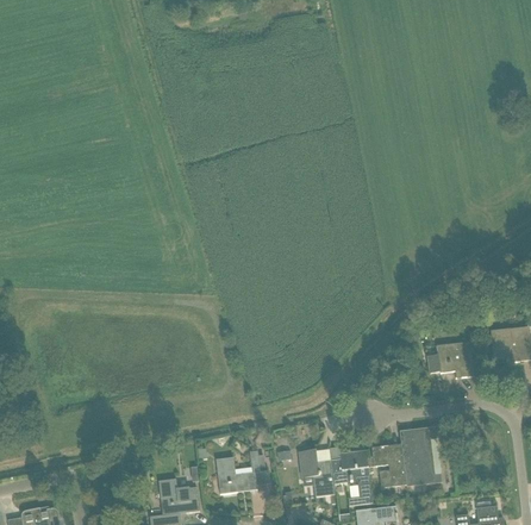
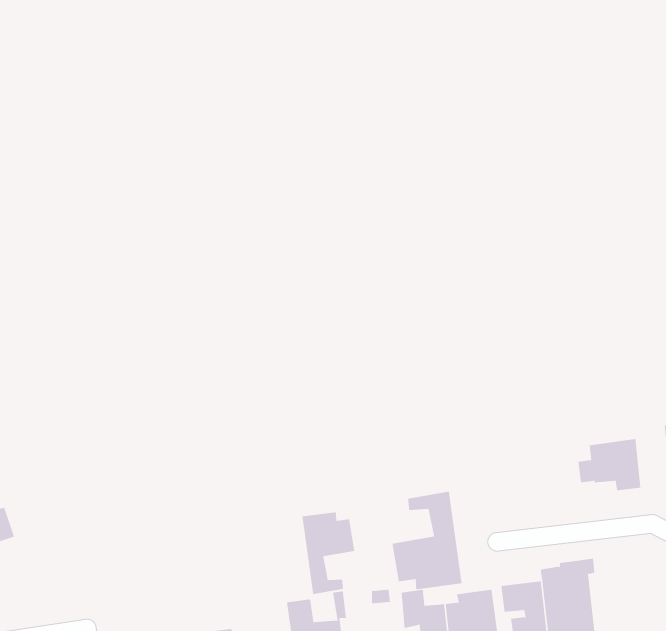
building: none -> [392,491,462,590]
building: none -> [302,511,355,595]

